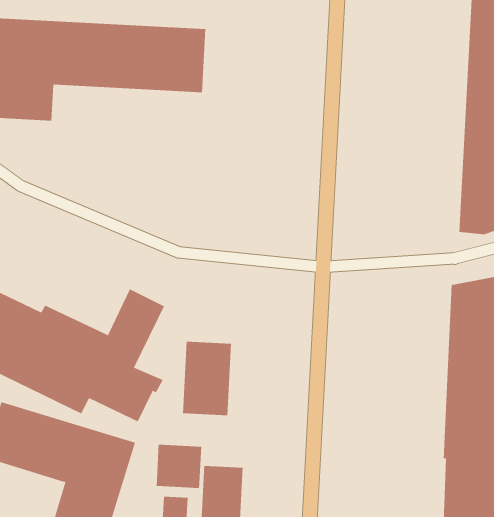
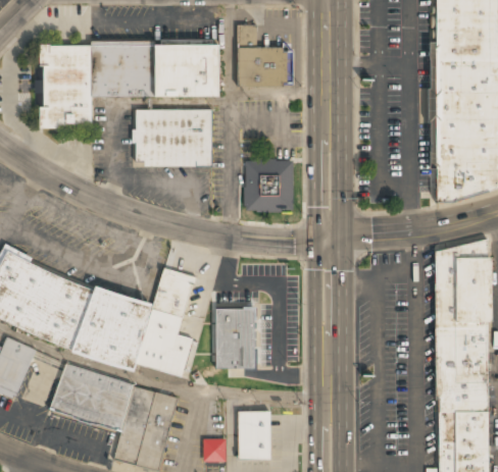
building: none -> [236,24,289,86]
building: none -> [134,109,210,166]
building: none -> [245,158,292,209]
building: [156,444,202,489] -> none

